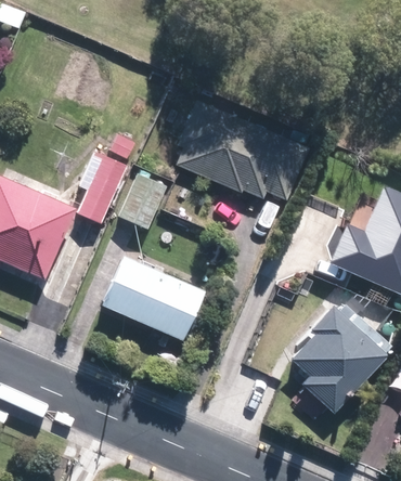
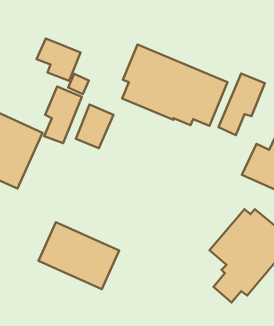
building: none -> [37,38,80,81]
building: none -> [219,73,265,135]
building: [103,256,205,340] -> [39,222,119,289]

